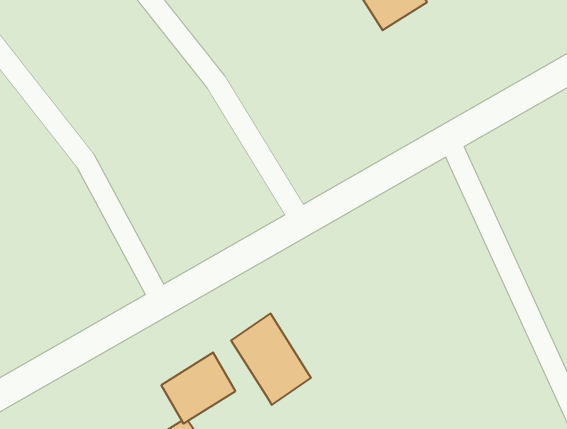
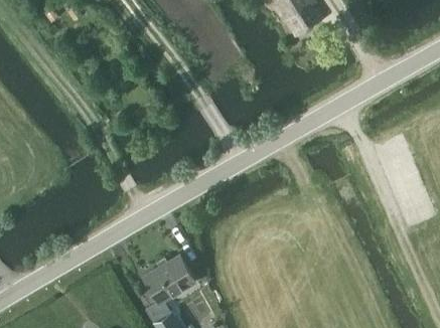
building: [231,313,311,405] -> none

